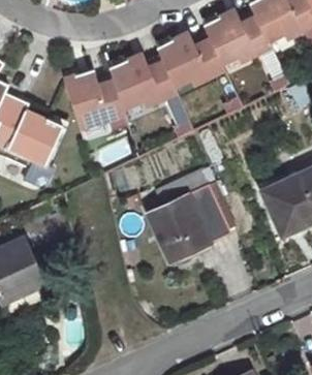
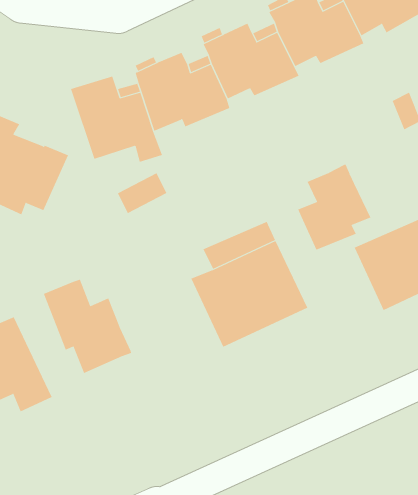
building: none -> [298,164,371,251]
building: none -> [43,279,132,374]

